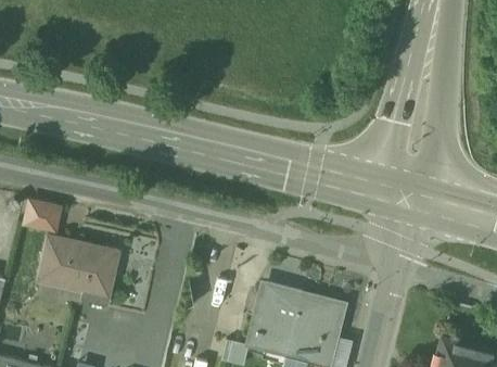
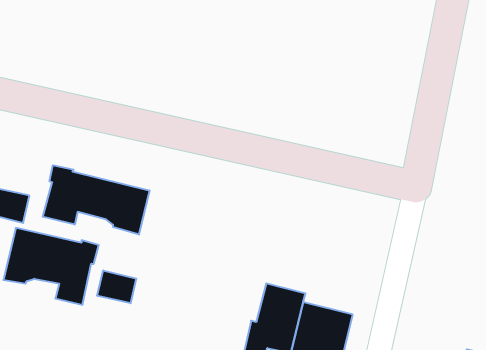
building: none -> [43,165,149,235]
building: none -> [97,270,136,303]

